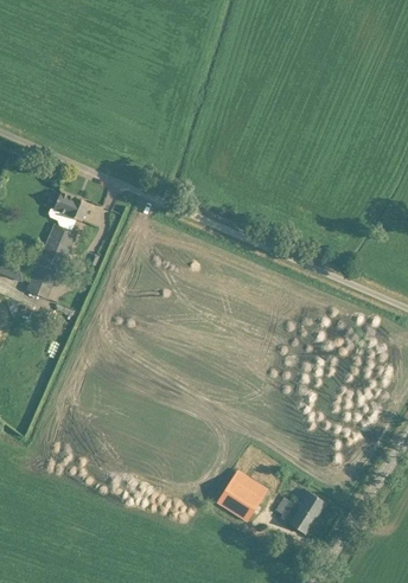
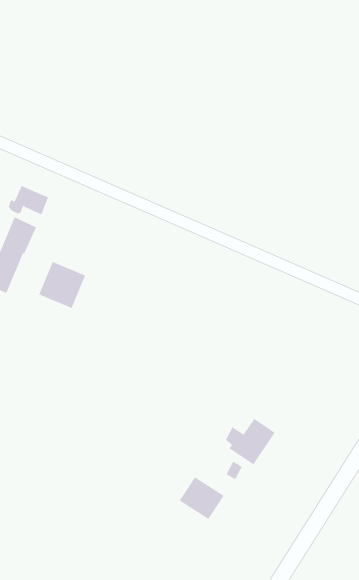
building: none -> [39,261,86,309]
building: [276,488,326,534] -> [225,418,276,465]

